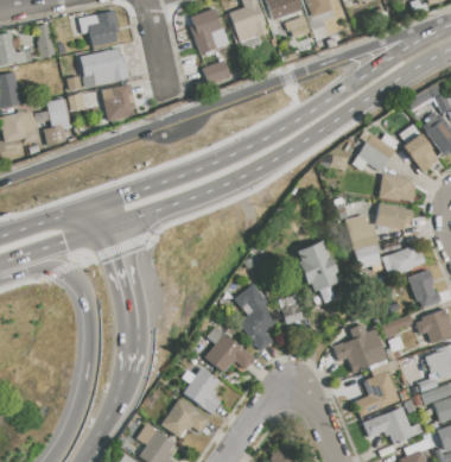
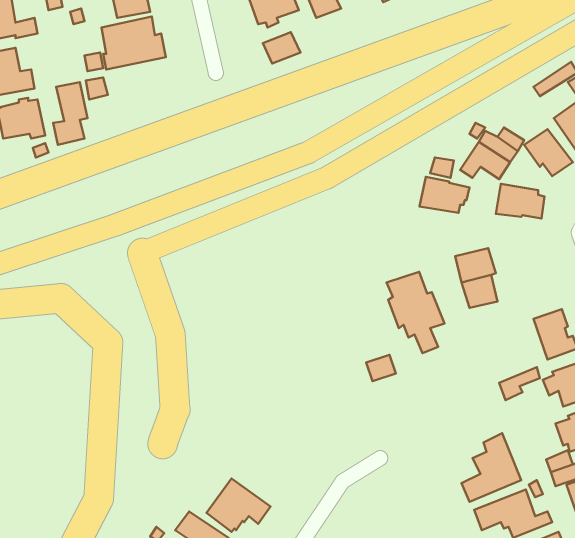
building: [101,84,134,126] -> none
building: [375,202,413,229] -> [420,177,470,213]
building: [388,243,425,274] -> none
building: [235,283,277,350] -> none
building: [204,325,255,373] -> none
building: [332,329,387,372] -> none
building: [184,367,221,413] -> none

